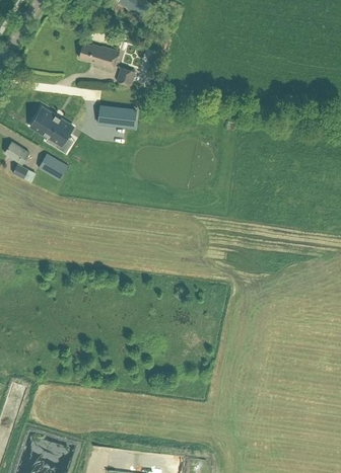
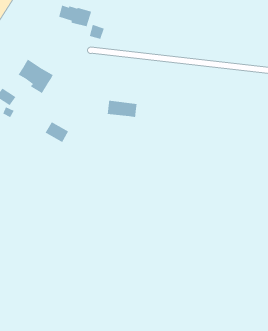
building: [98,105,135,127] -> [107,100,137,118]
building: [38,153,67,179] -> [45,121,69,143]

